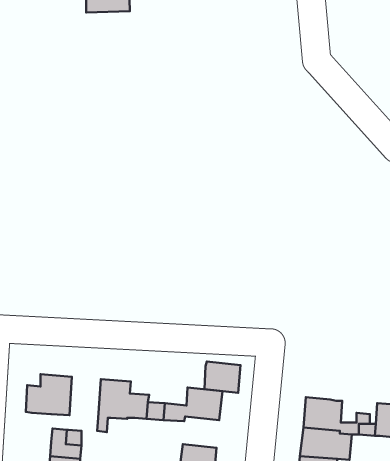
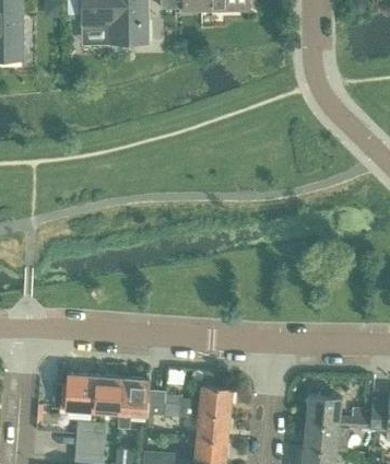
building: [204,361,241,393] -> [197,411,229,440]
building: none -> [94,375,122,413]

